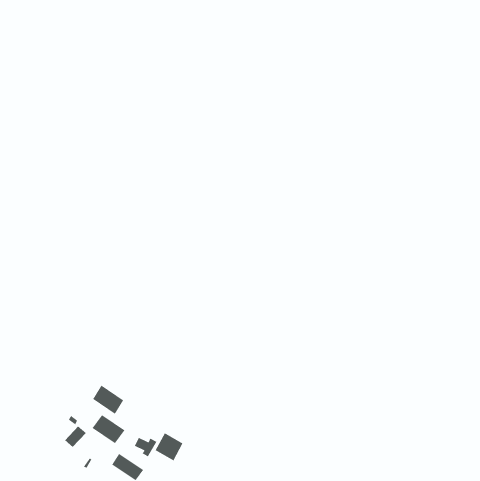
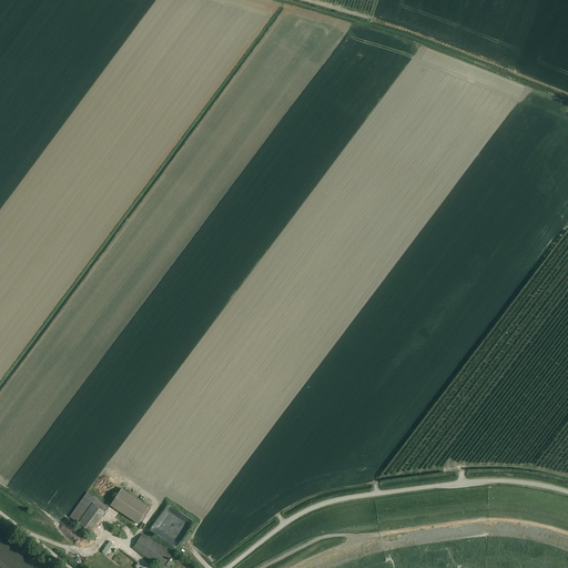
building: [92,385,124,415] -> none
building: [154,432,184,461] -> none

